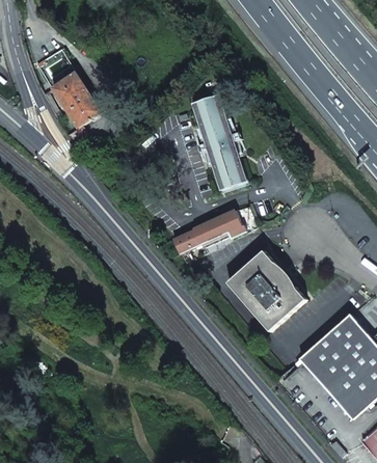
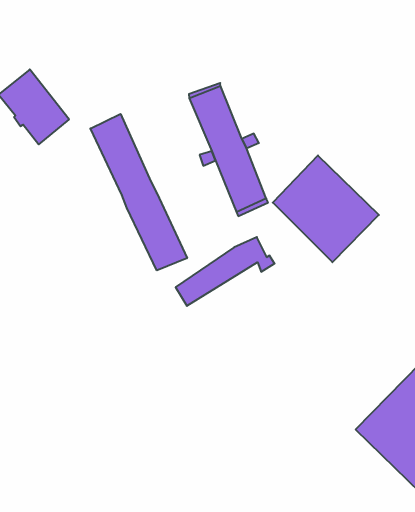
building: none -> [90,114,187,270]
building: [228,252,306,332] -> [273,155,379,262]

